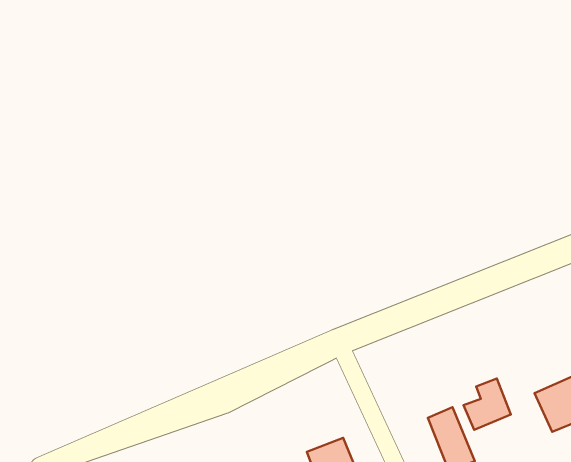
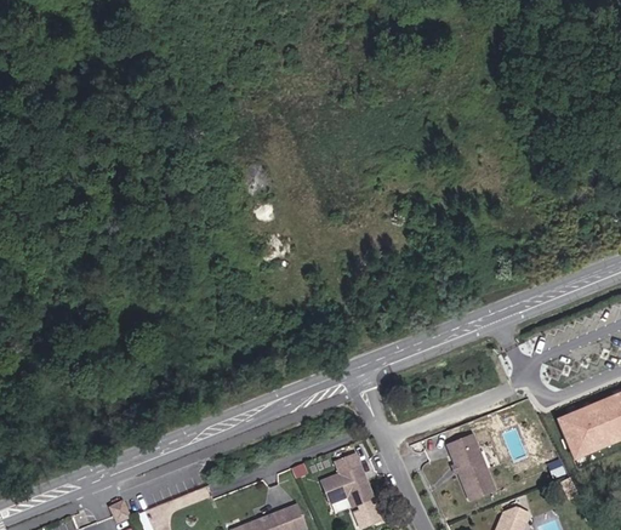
building: [464,379,511,430] -> none

